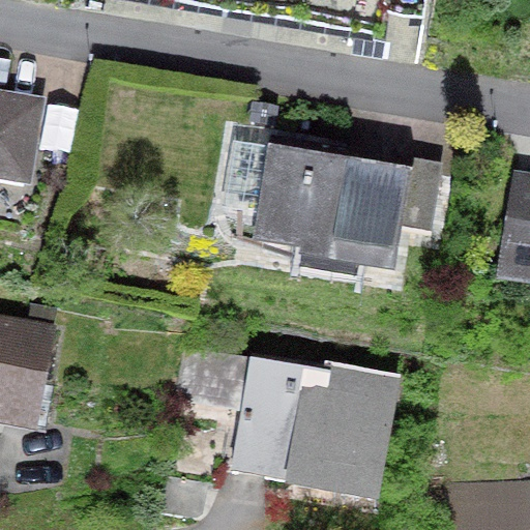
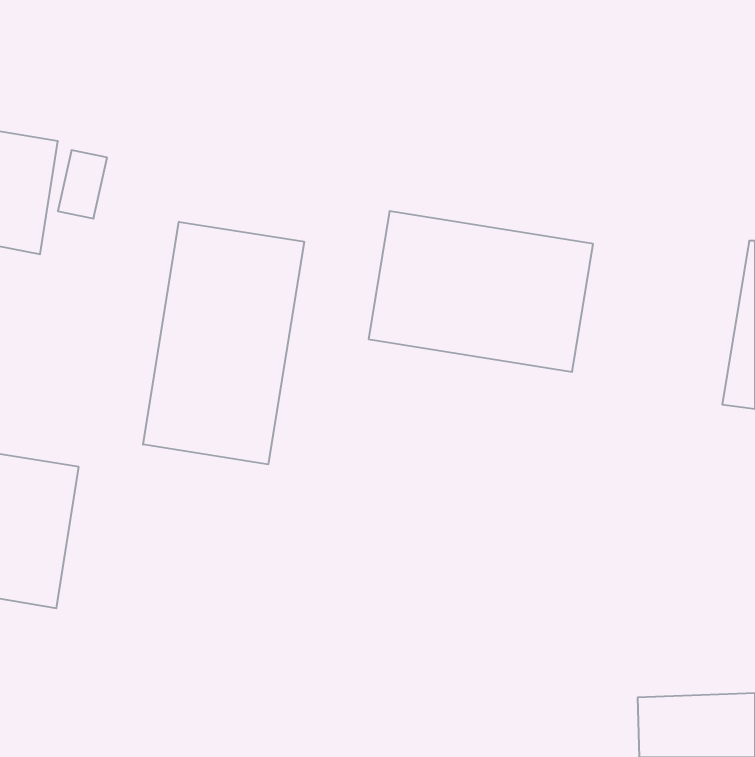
building: none -> [143,222,304,464]
building: [234,364,398,491] -> none

